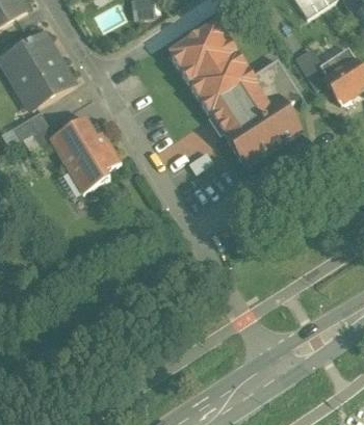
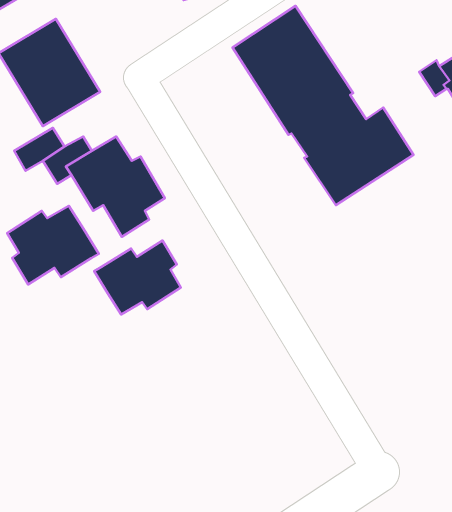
building: none -> [7,206,99,285]
building: none -> [94,240,181,314]

